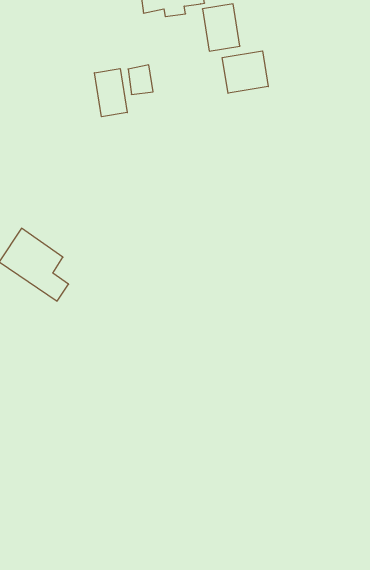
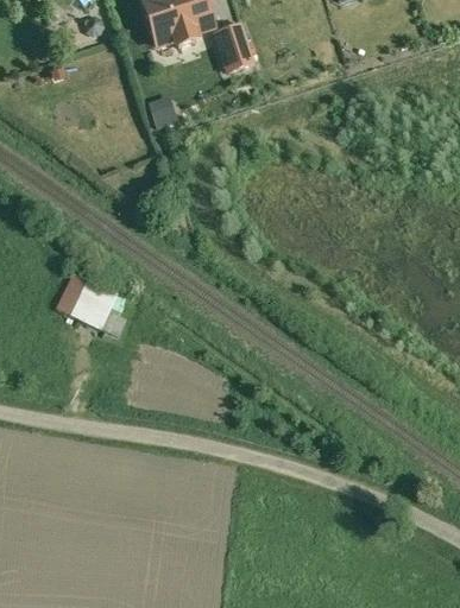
building: [222,51,268,93] -> none
building: [94,69,127,117] -> none

